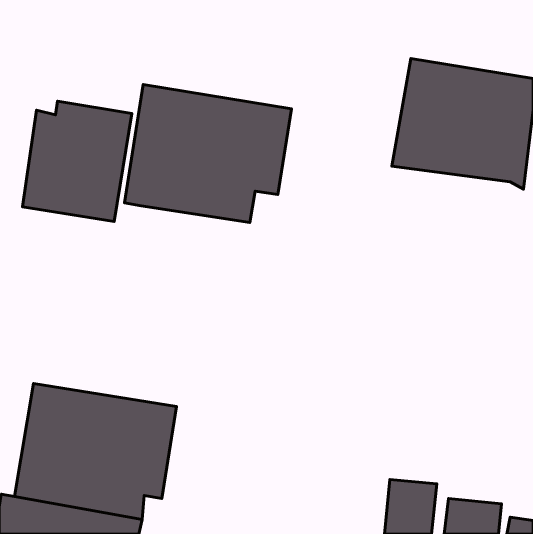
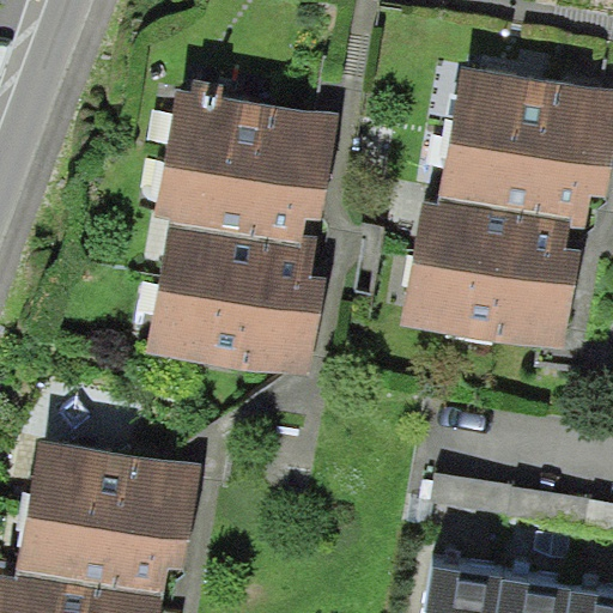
building: [23,101,132,221] -> none
building: none -> [408,189,584,336]
building: none -> [141,236,336,384]

